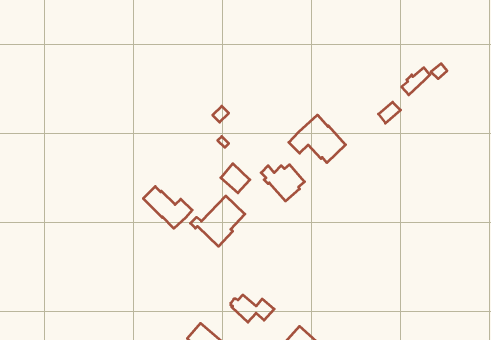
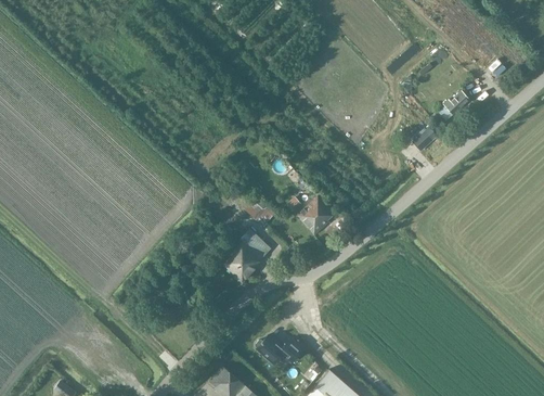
building: [289,115,346,163] -> none
building: [143,186,192,228] -> none

